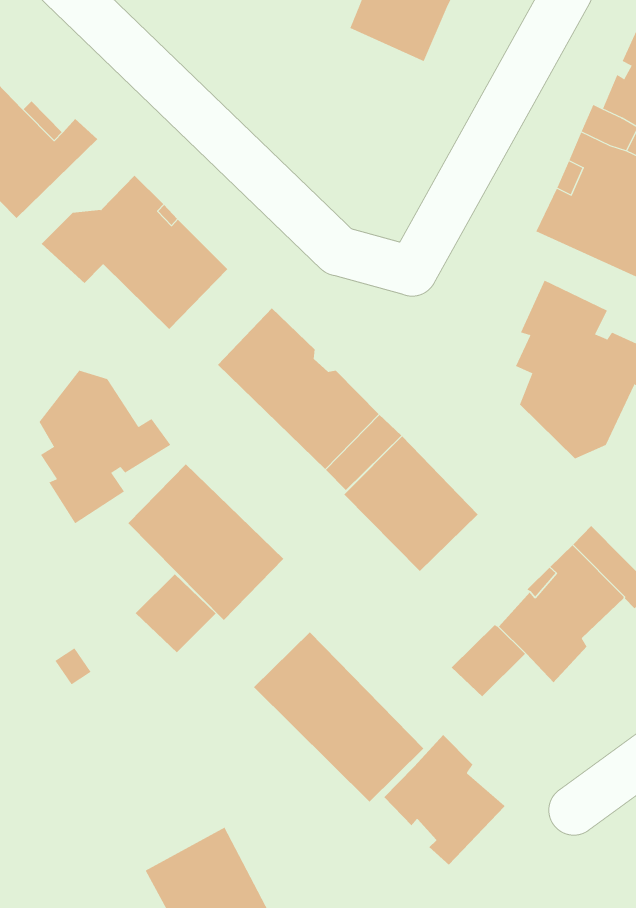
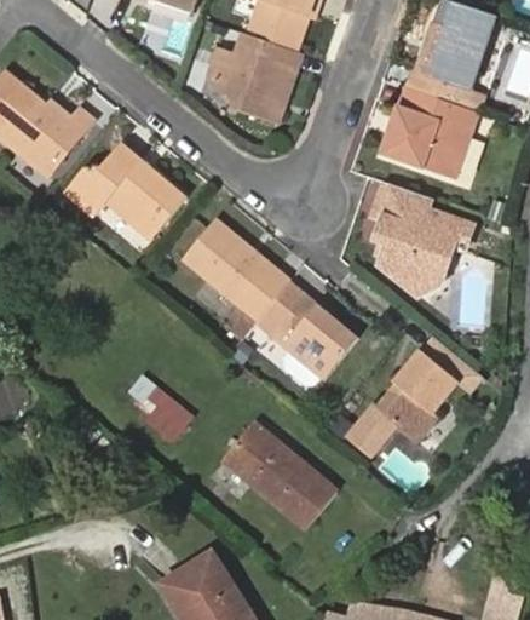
building: none -> [209,34,301,125]
building: [39,370,171,524] -> none
building: [127,464,284,621] -> none
building: [384,734,505,866] -> none

